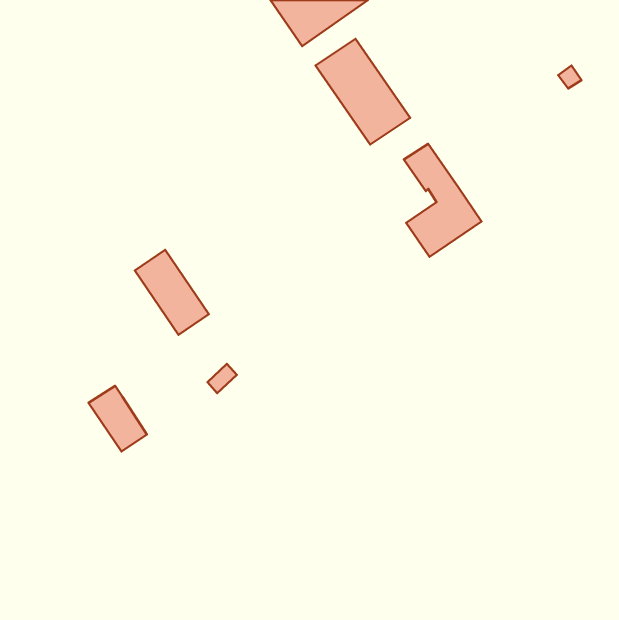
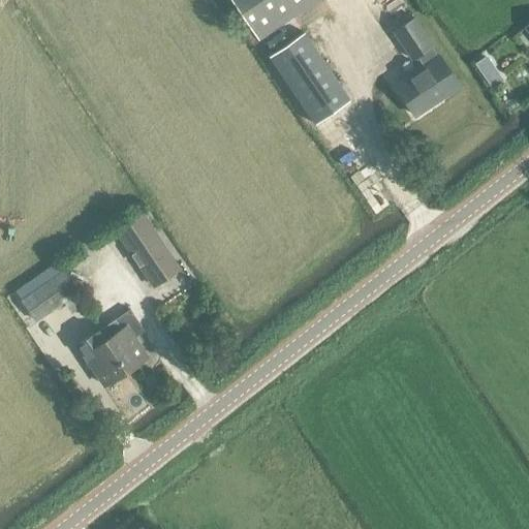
building: [404,144,482,257] -> [394,18,460,114]
building: none -> [23,271,79,319]
building: none -> [105,308,145,367]

